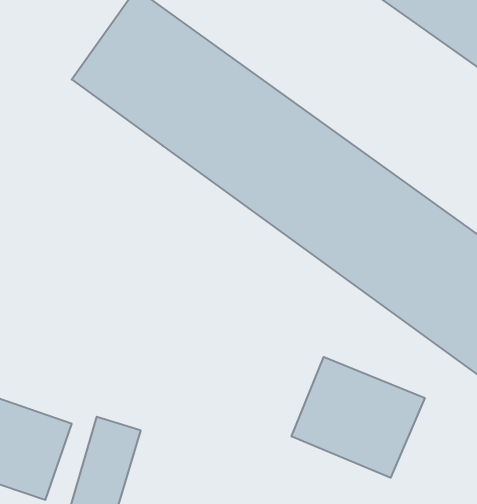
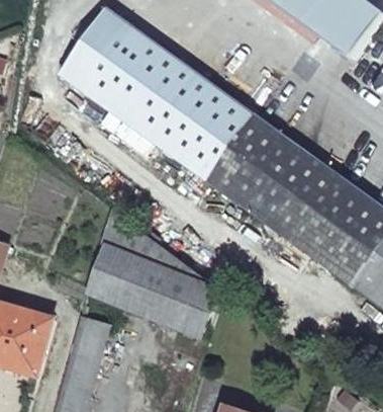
building: none -> [84,209,215,340]
building: [292,357,425,478] -> none

